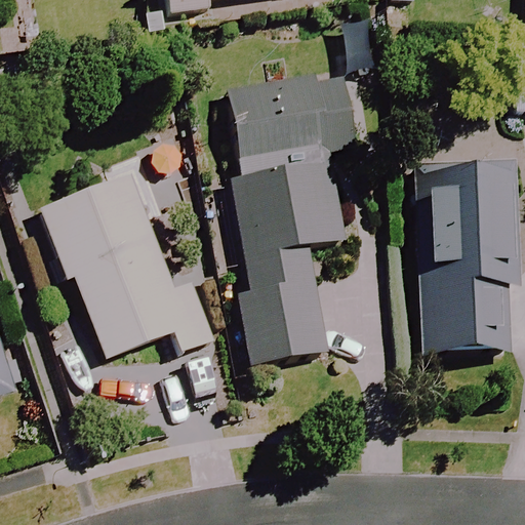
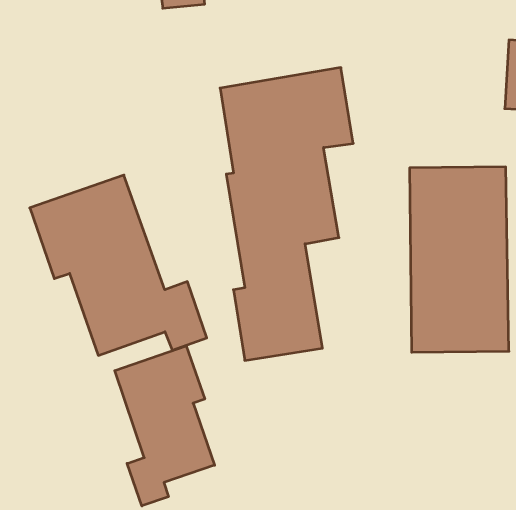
building: none -> [115,346,215,506]

